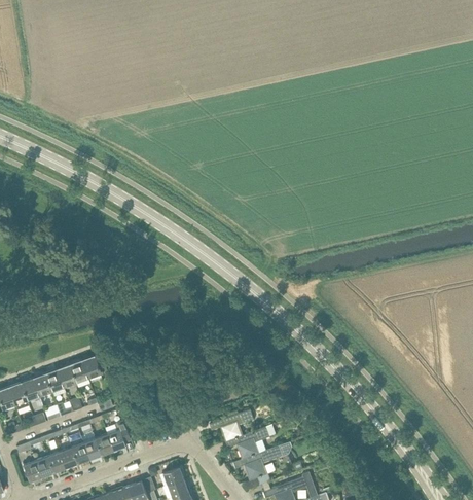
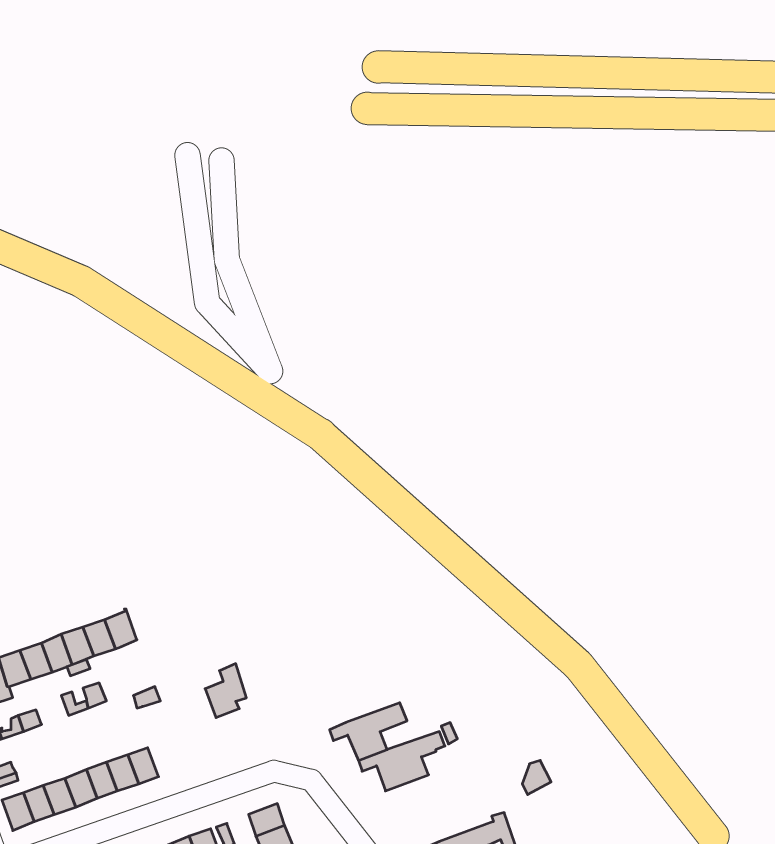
building: [105,421,129,452] -> [205,664,246,718]
building: [232,447,282,480] -> none

